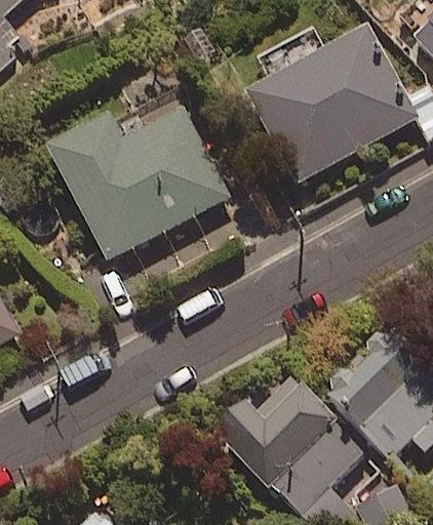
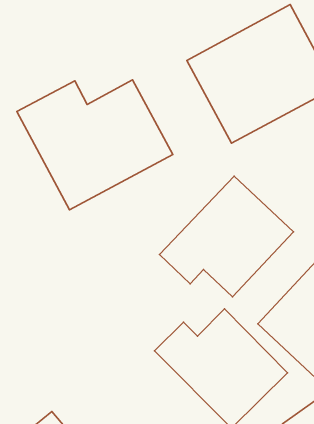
building: none -> [159,176,293,297]

